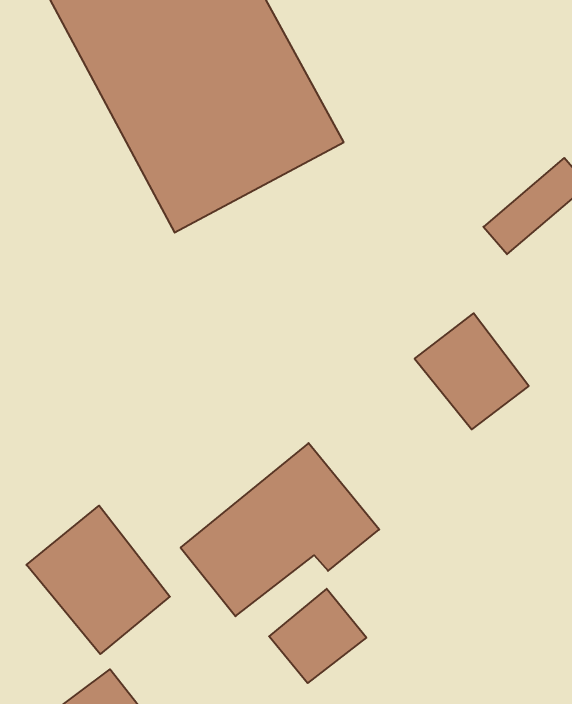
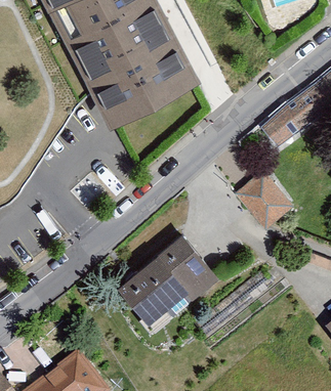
building: [26,506,170,654] -> none
building: [269,589,366,683] -> none

